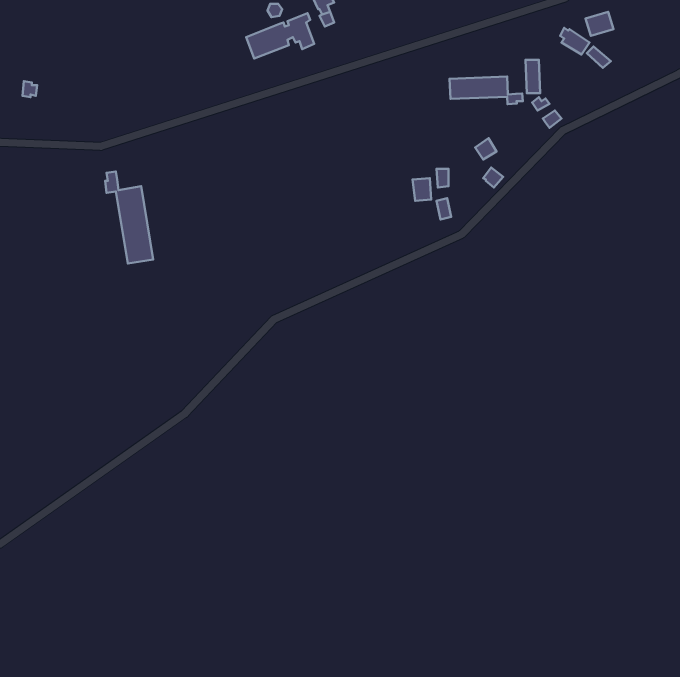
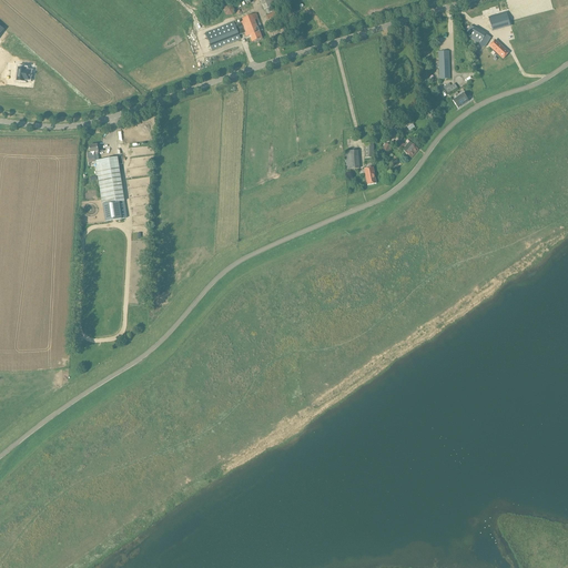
building: [450,76,523,104] -> none

